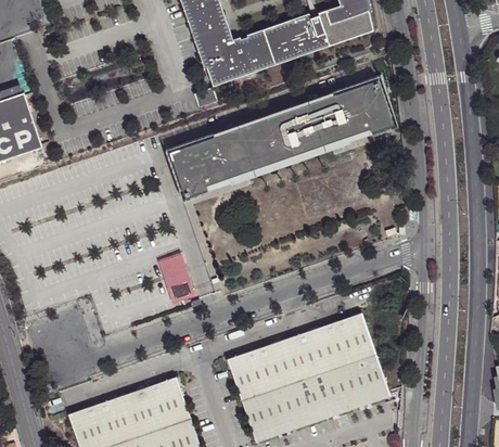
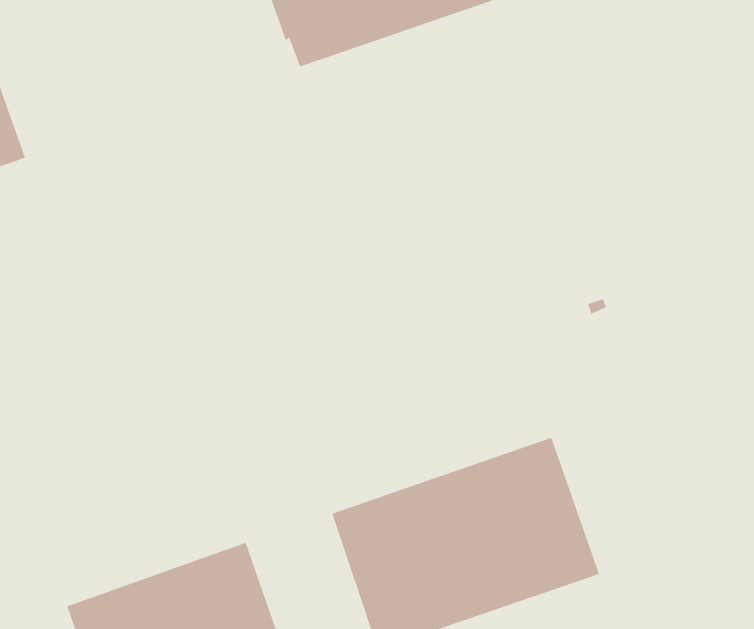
building: [170,78,395,196] -> none
building: [161,255,191,303] -> none

